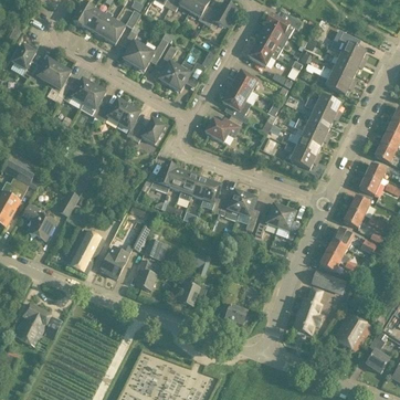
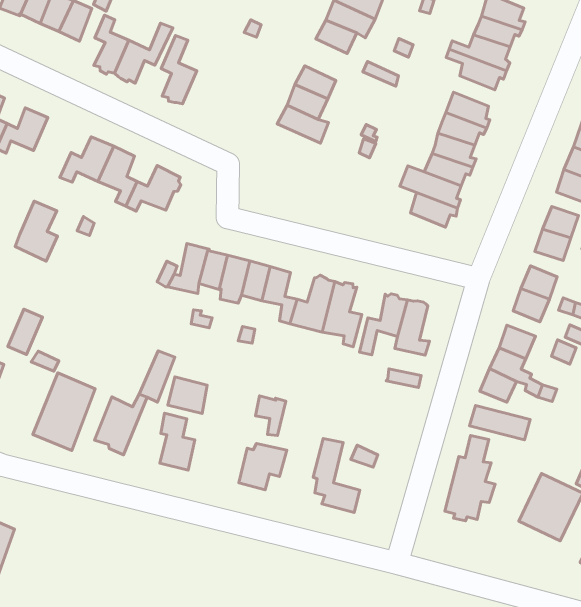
building: [169,61,206,92] -> none
building: [80,85,105,119] -> [15,201,57,261]
building: [204,119,239,143] -> none

